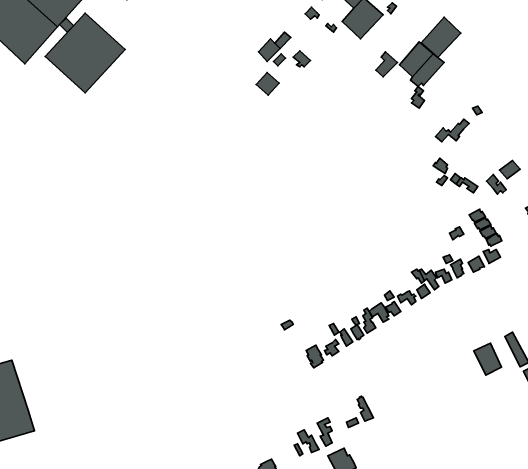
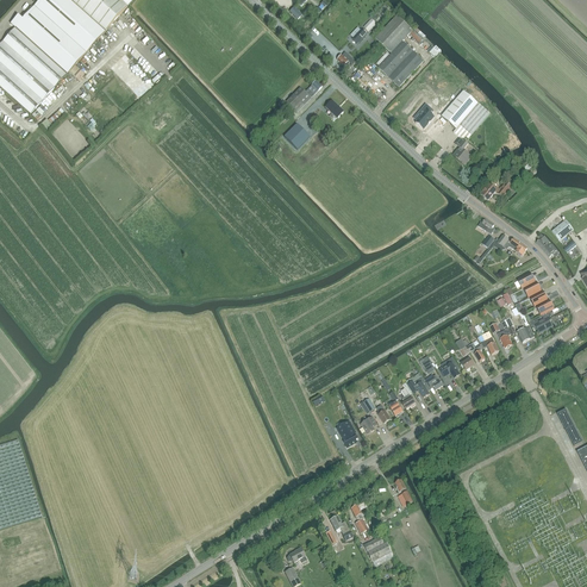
building: [45,13,125,93] -> none
building: [421,17,461,57] -> none
building: [474,343,502,375] -> none

